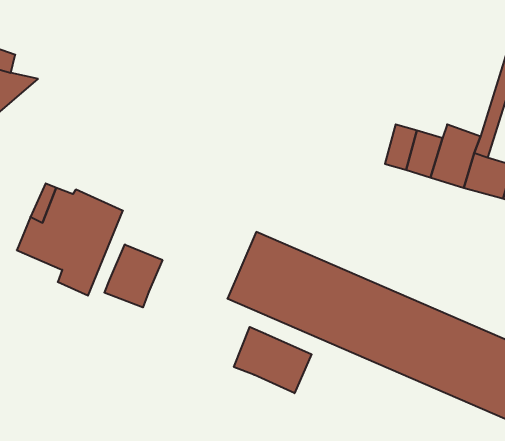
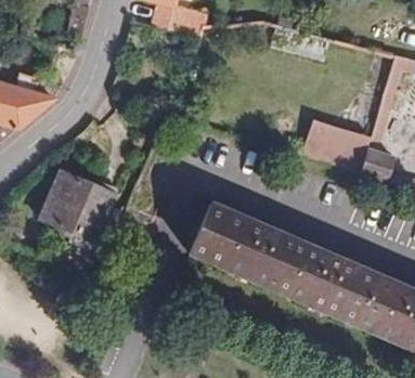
building: [104,244,162,307] -> none
building: [234,327,312,393] -> none

